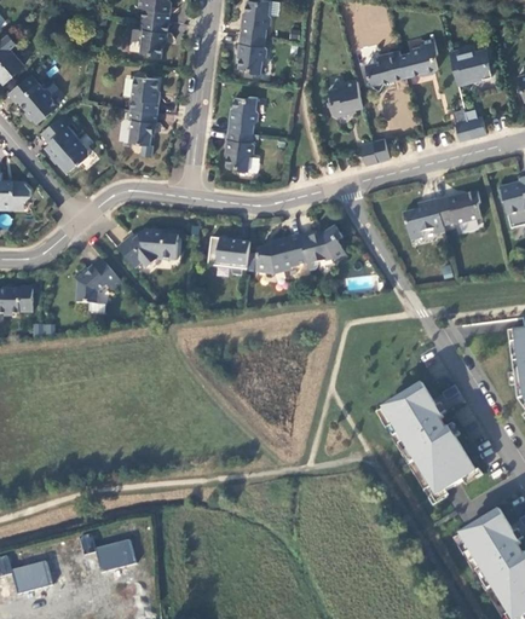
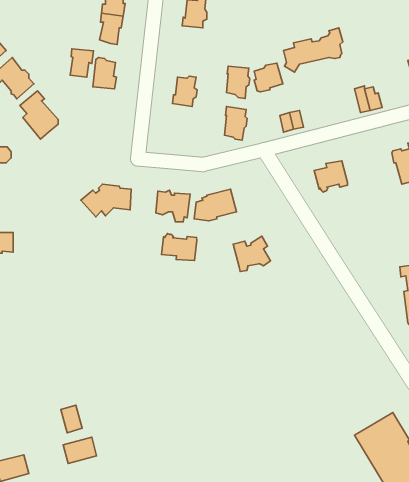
building: [238,34,267,74] -> [226,66,250,99]
building: [450,45,491,85] -> none
building: [128,109,157,144] -> [70,49,94,77]
building: [226,129,254,170] -> [224,107,247,140]
building: [437,190,480,226] -> none
building: [300,225,346,268] -> [233,236,271,272]
building: [74,259,122,303] -> none
building: none -> [161,234,197,261]
building: [374,382,475,503] -> none
building: none -> [61,405,82,433]

